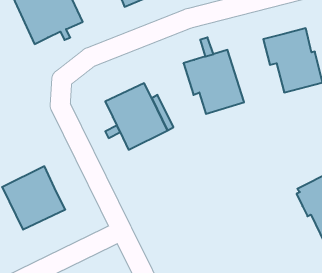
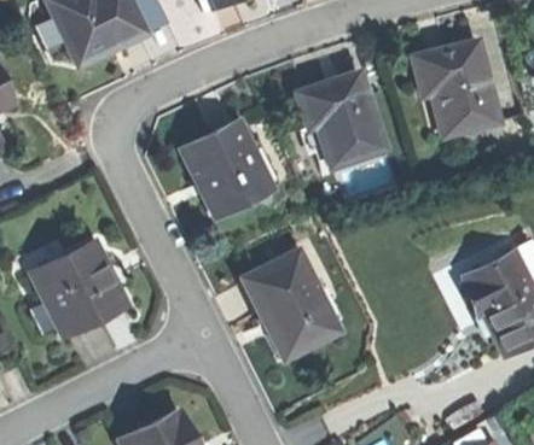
building: none -> [242,248,339,356]

